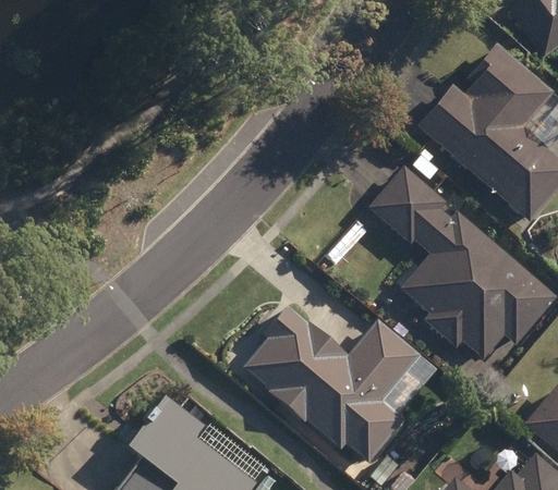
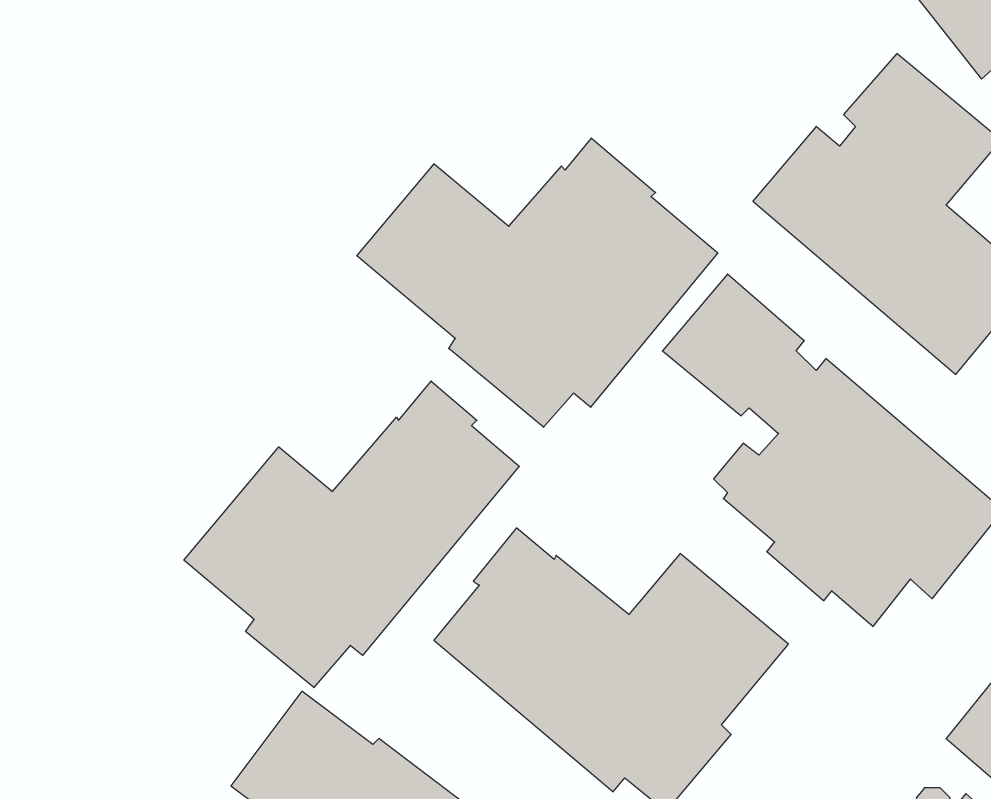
building: none -> [357,138,718,427]
building: none -> [184,381,519,688]

